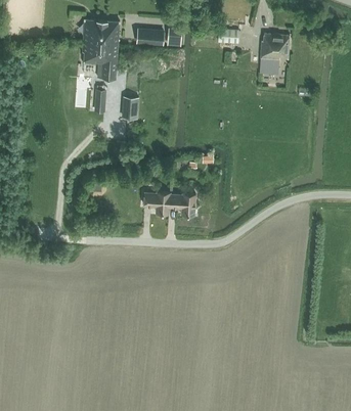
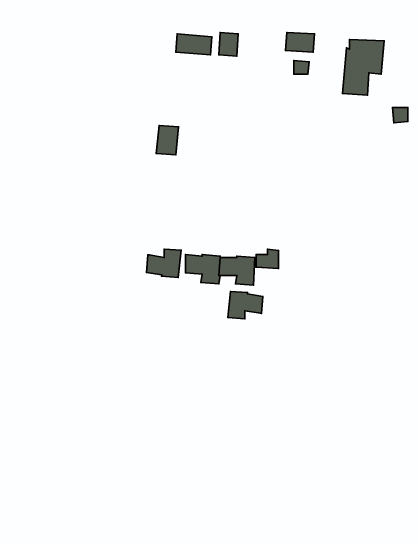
building: [82,19,119,79] -> none
building: none -> [146,249,181,278]
building: none -> [228,291,263,319]

